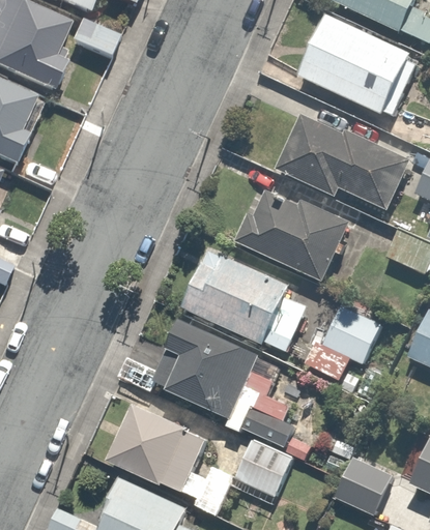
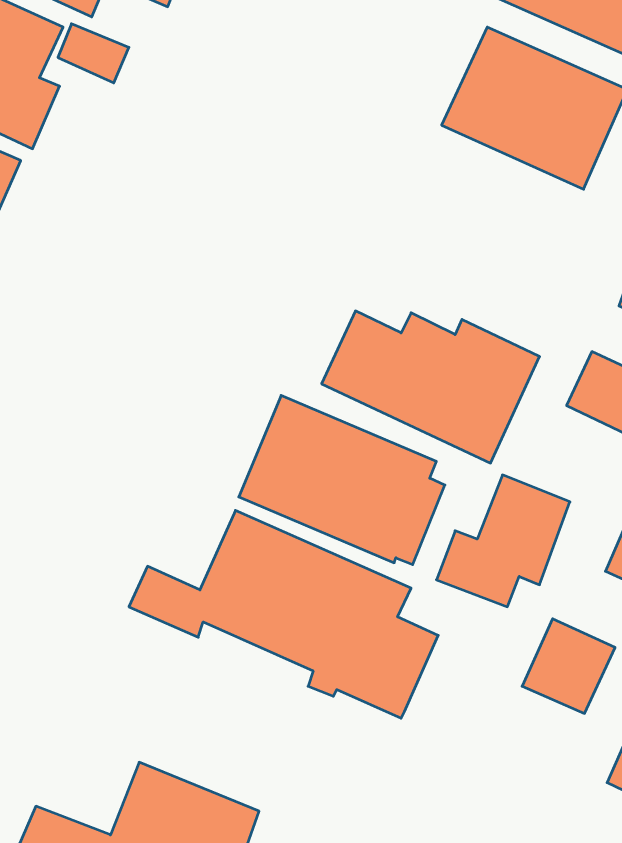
building: [273,109,410,207] -> none
building: [104,395,220,496] -> none
building: [230,437,292,504] -> none
building: [334,458,391,516] -> [522,619,615,713]

